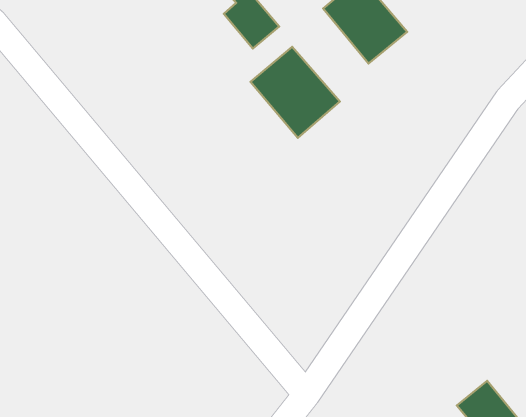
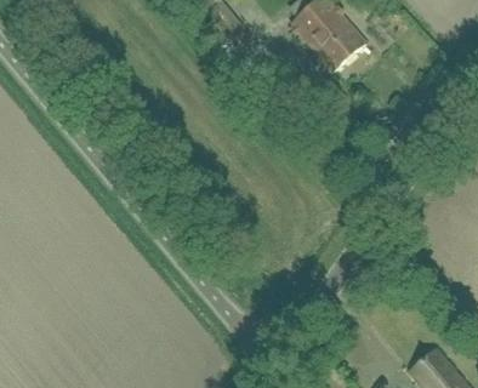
building: [250,47,340,138] -> none

